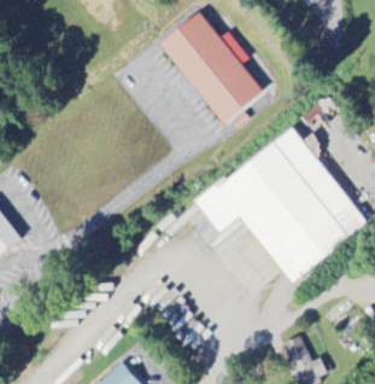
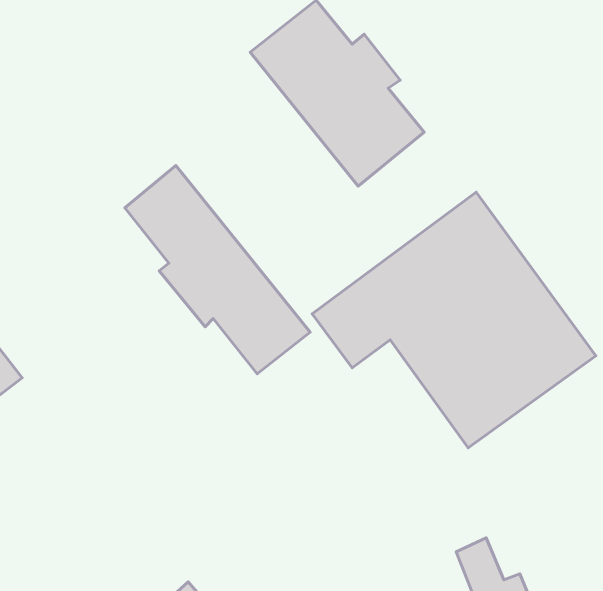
building: none -> [125,165,310,374]

